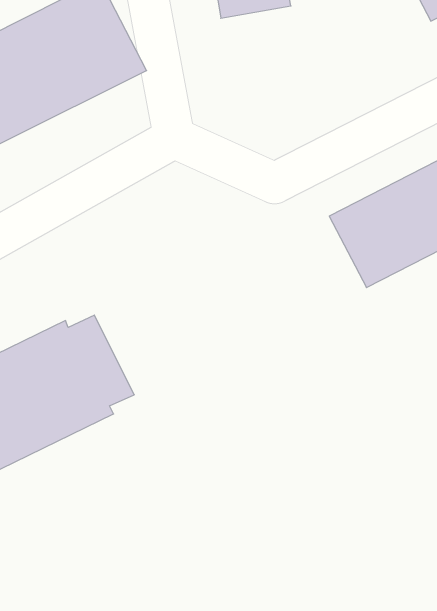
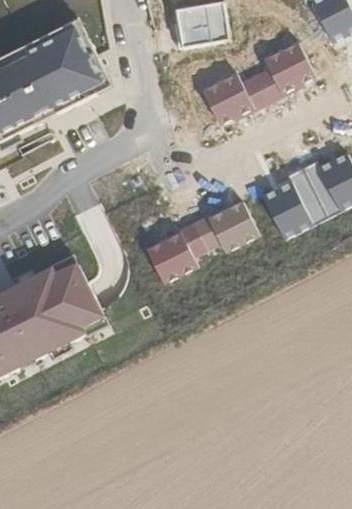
building: none -> [196,37,314,125]
building: none -> [140,197,258,283]

